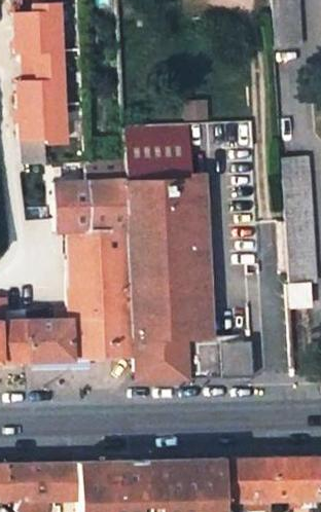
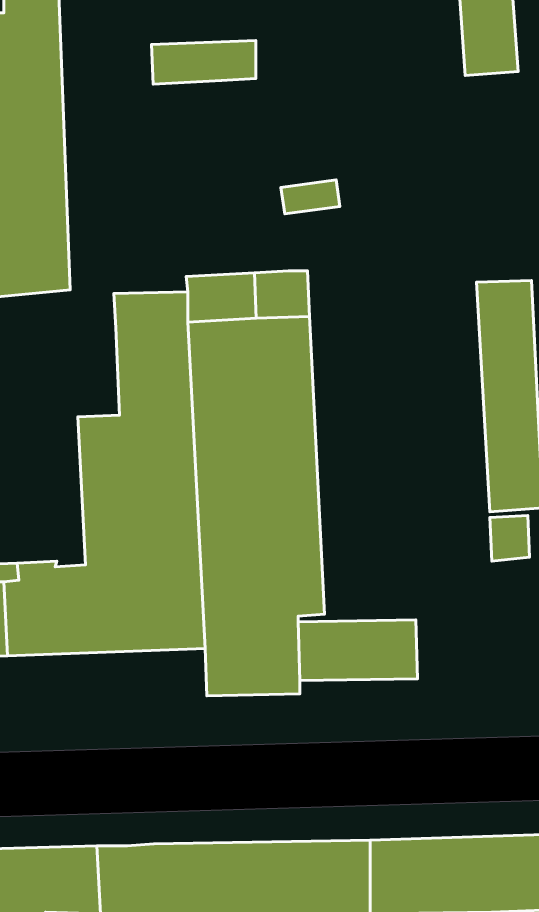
building: [126,132,182,155] -> [151,41,256,84]
building: [56,183,91,231] -> none

